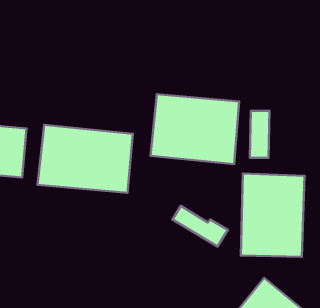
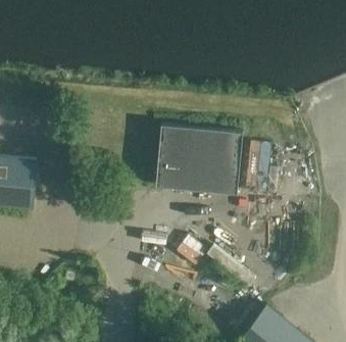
building: [38,125,133,193] -> none
building: [241,174,304,257] -> none

